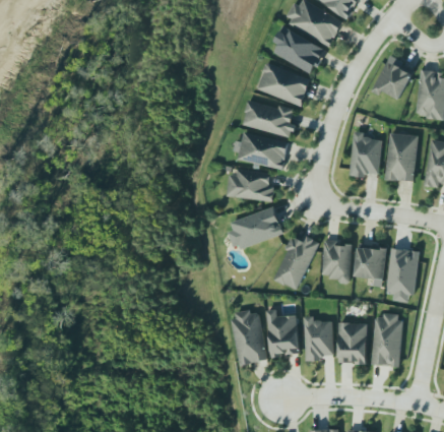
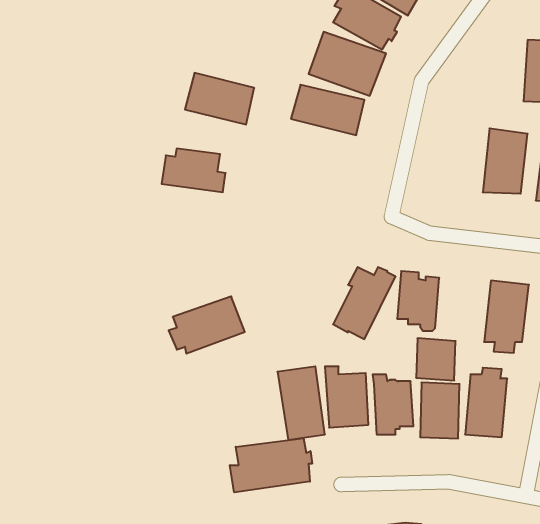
building: [374,54,411,100] -> none
building: [237,130,289,169] -> [185,73,254,125]
building: [351,131,383,177] -> none
building: [227,169,274,201] -> [162,149,226,192]
building: [228,206,284,249] -> [169,296,245,354]
building: [357,247,386,279] -> [416,338,456,380]
building: none -> [230,438,312,492]

